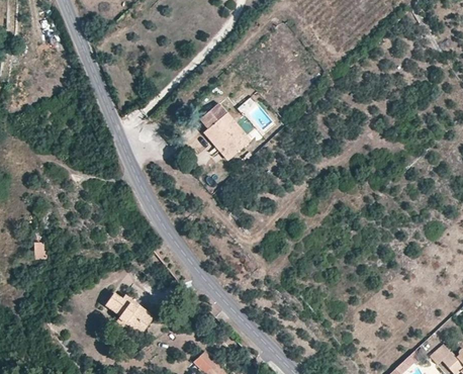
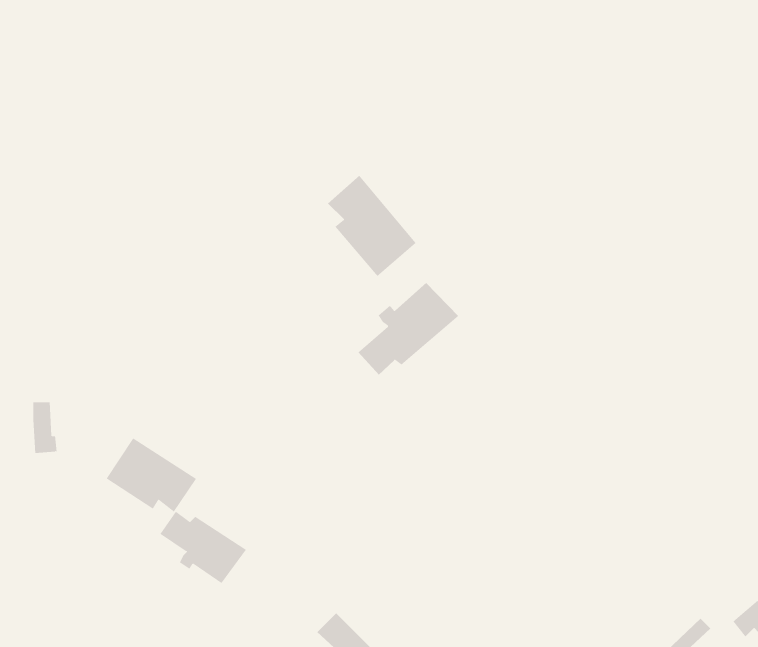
building: none -> [358,282,459,376]
building: none -> [106,438,197,512]

